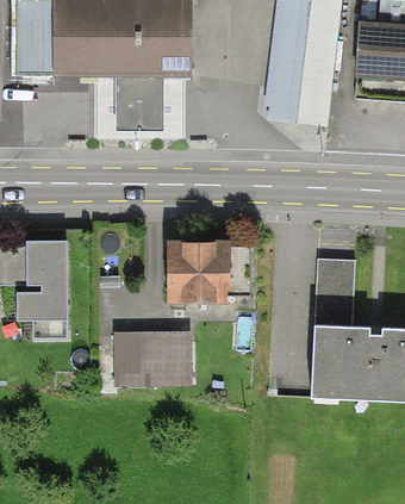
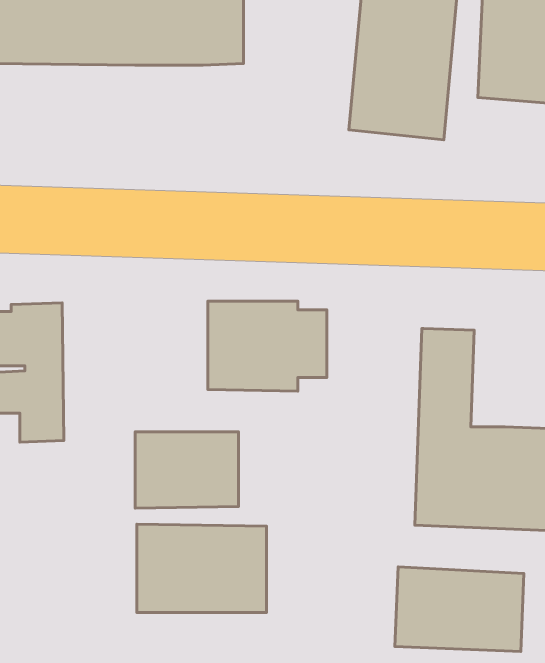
building: [114,74,162,130] -> none
building: none -> [137,524,266,612]
building: none -> [395,567,524,651]

